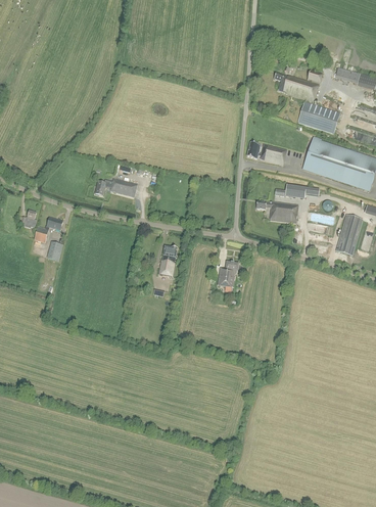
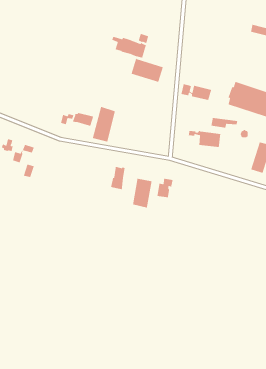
building: [273,70,339,133] -> [111,33,164,83]
building: none -> [92,106,116,143]
building: none -> [132,178,152,208]

